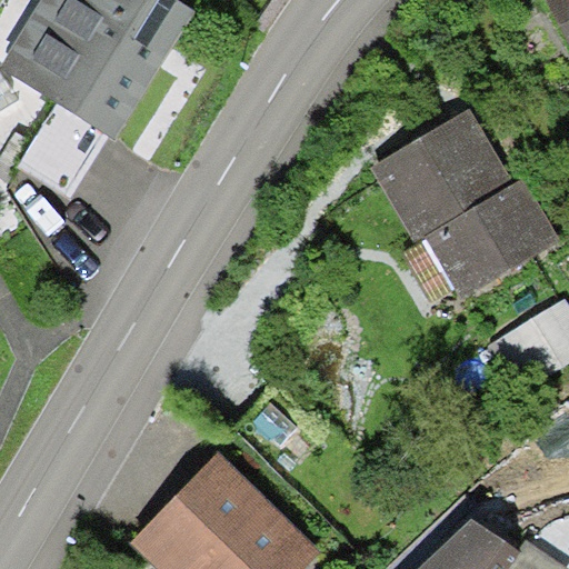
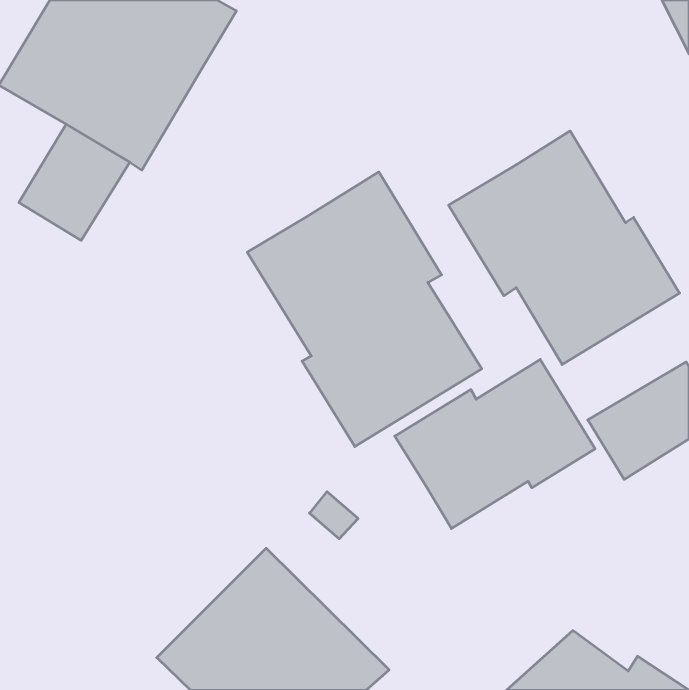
building: none -> [247,172,482,447]
building: none -> [395,359,595,529]

